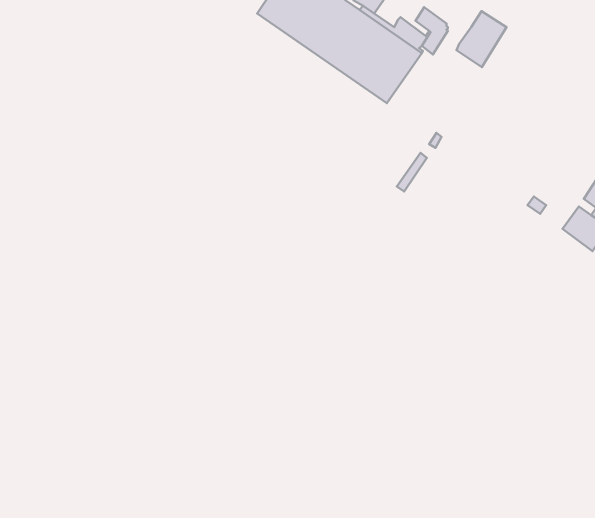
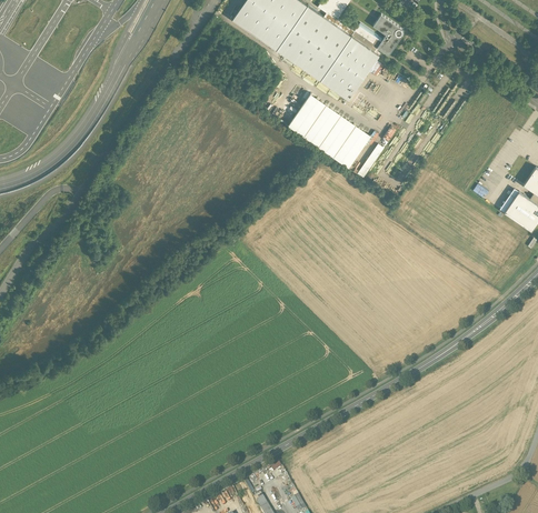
building: [456,11,507,67] -> none
building: none -> [288,95,371,169]

